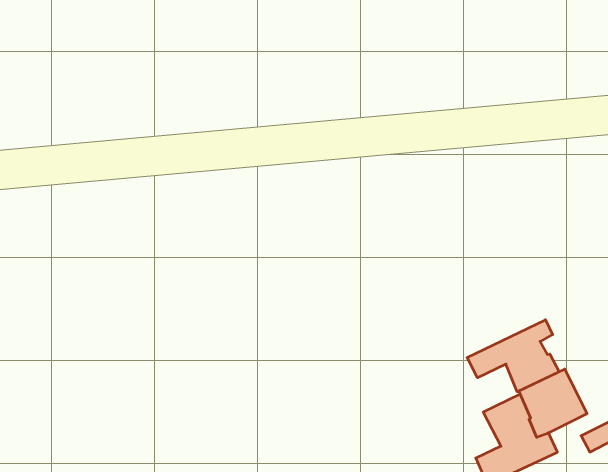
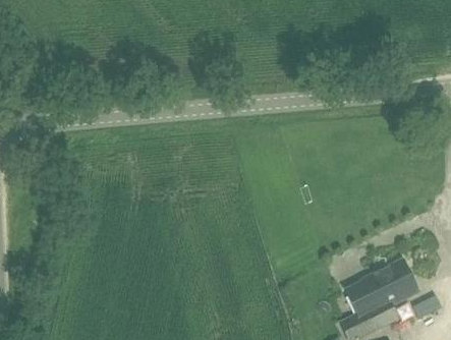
building: [467,320,559,392] -> none

